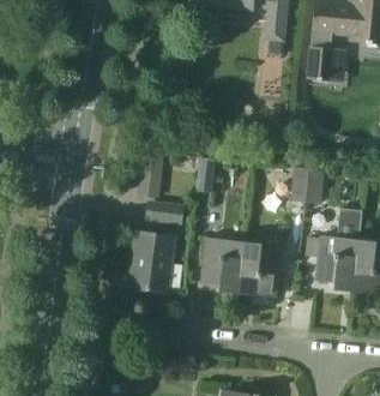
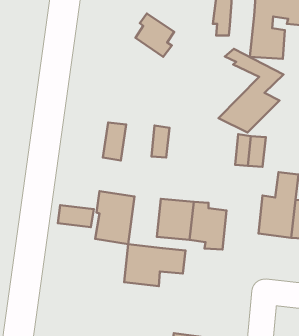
building: none -> [135,14,174,57]
building: none -> [218,49,284,132]
building: [144,199,185,224] -> [58,205,94,227]
building: none -> [124,244,186,286]

